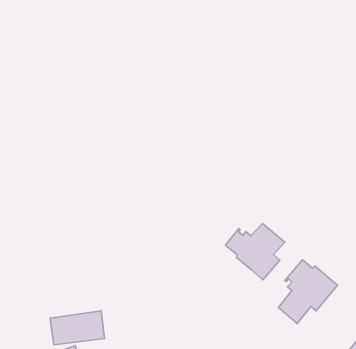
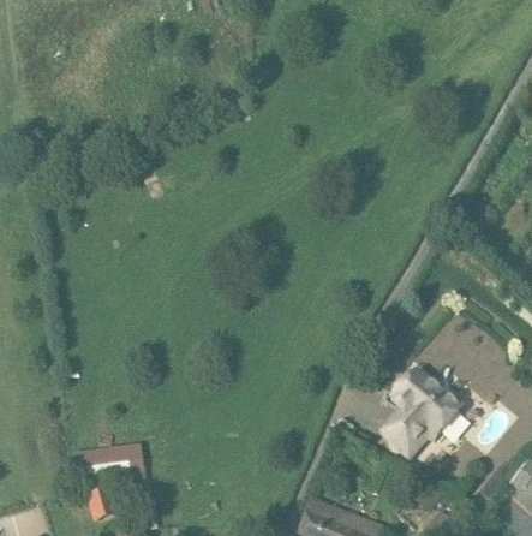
building: [226,223,285,280] -> none

